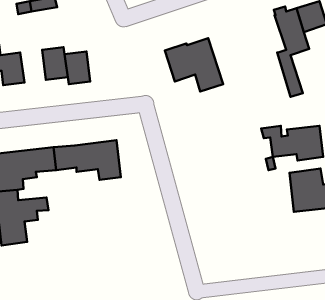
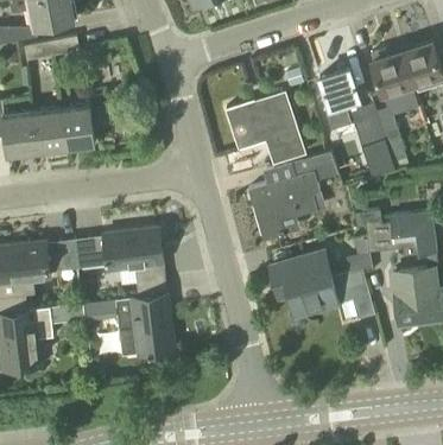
building: none -> [318,69,393,174]
building: [64,51,90,84] -> [30,108,64,152]
building: none -> [248,151,337,239]
building: none -> [270,252,374,320]
building: none -> [105,279,175,357]

